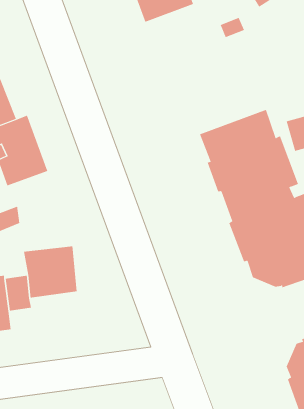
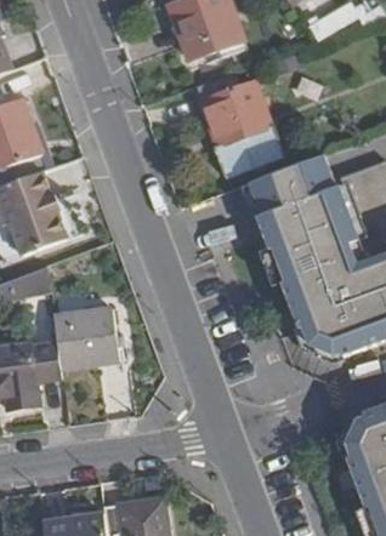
building: none -> [201,69,285,177]

